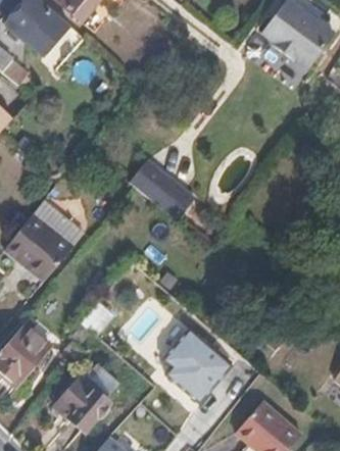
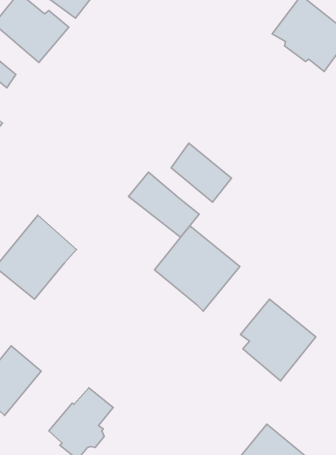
building: none -> [171,143,231,202]
building: none -> [154,226,240,311]
building: [159,325,229,401] -> [241,299,316,381]

